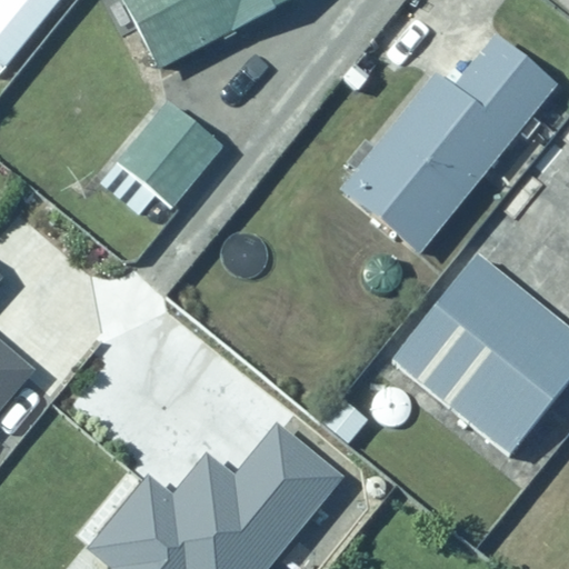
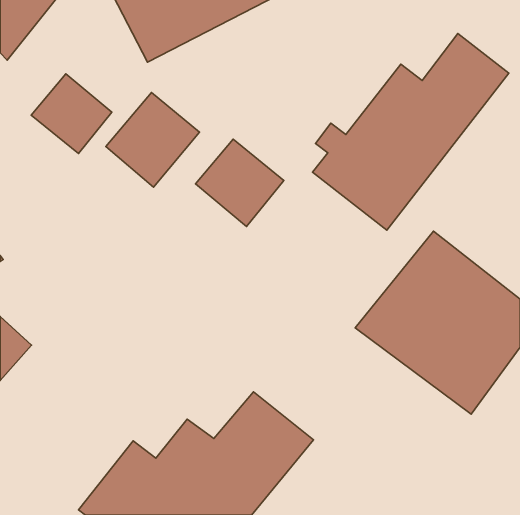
building: none -> [31,74,112,154]
building: none -> [196,139,284,226]

